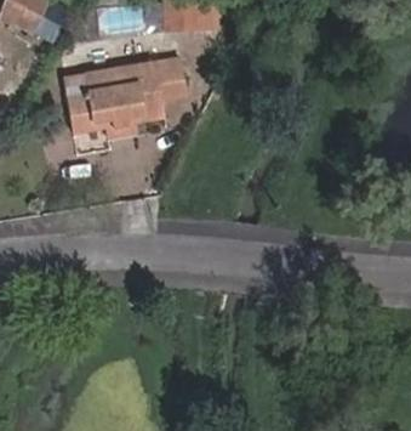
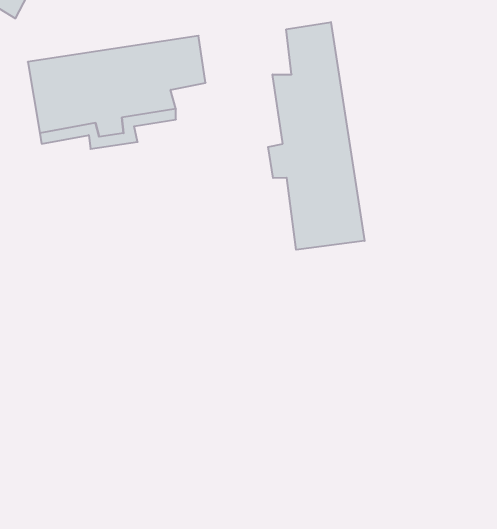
building: none -> [268,22,365,250]

